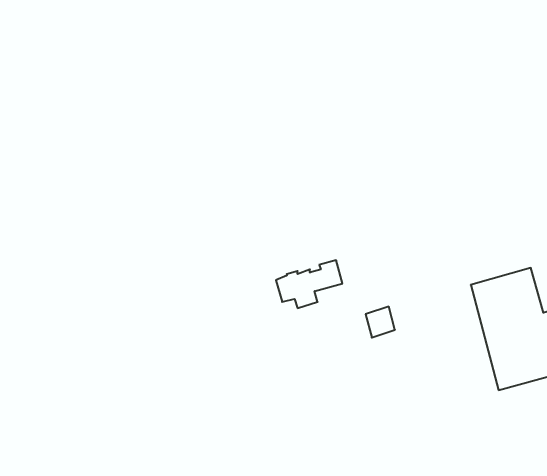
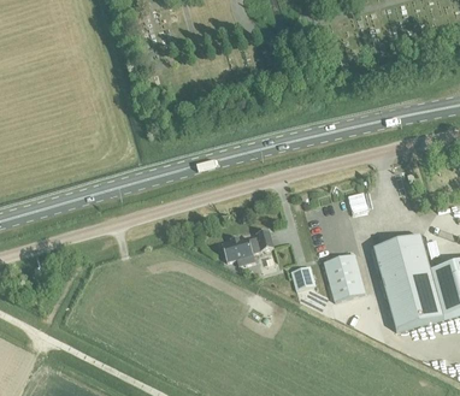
building: none -> [324,252,365,300]

